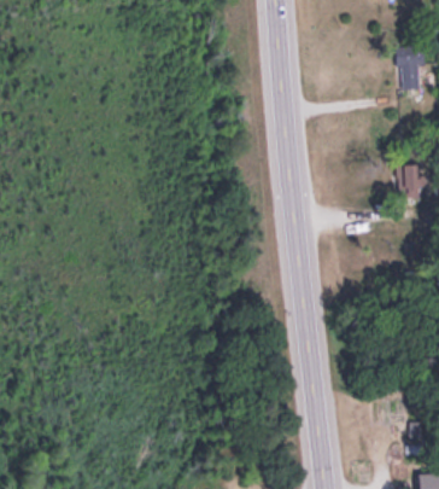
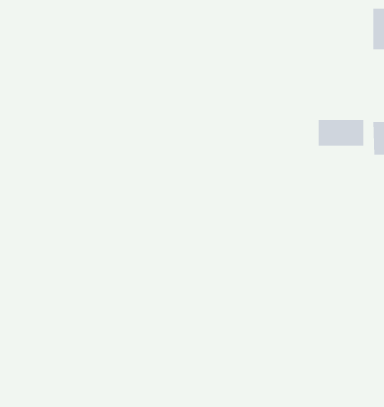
building: none -> [318,119,364,146]

